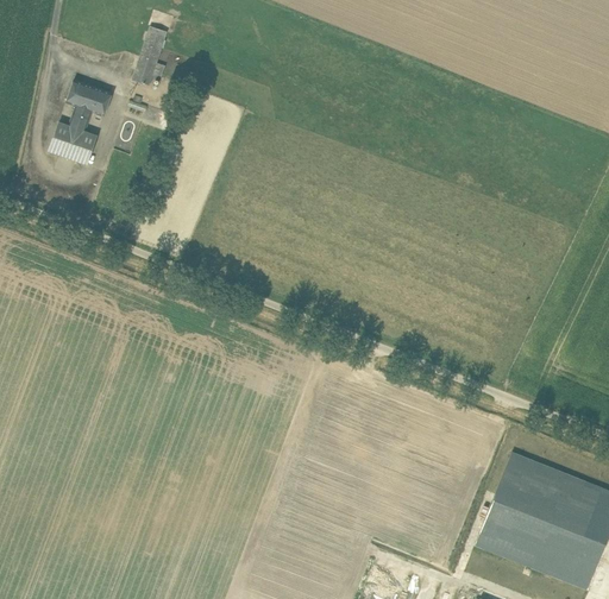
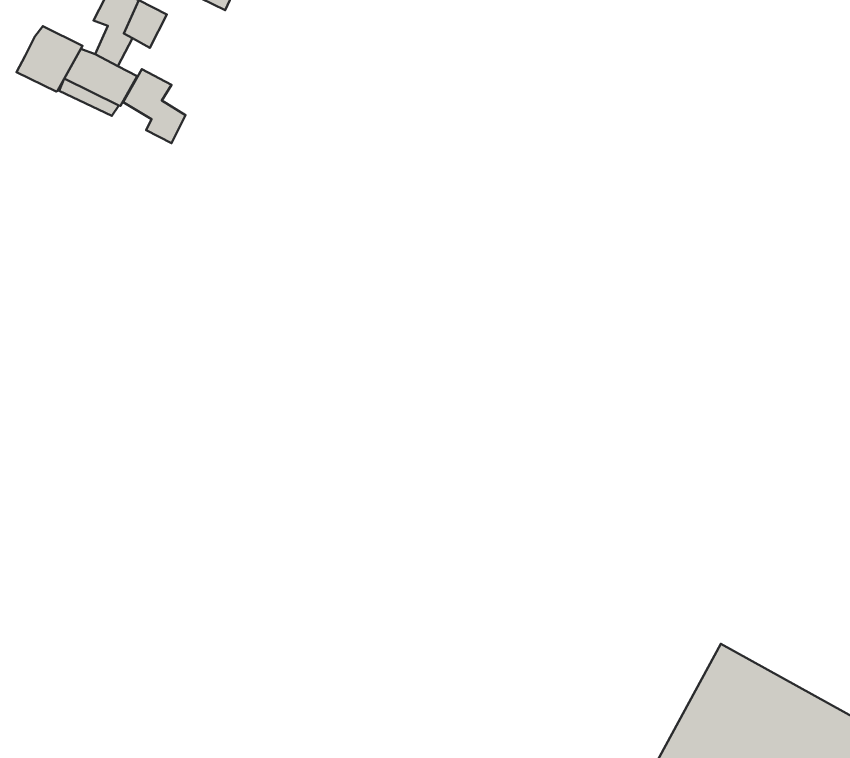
building: none -> [16,26,82,92]
building: none -> [123,69,186,143]

